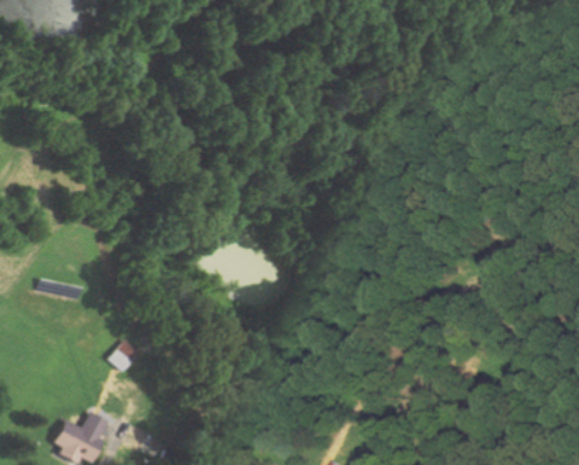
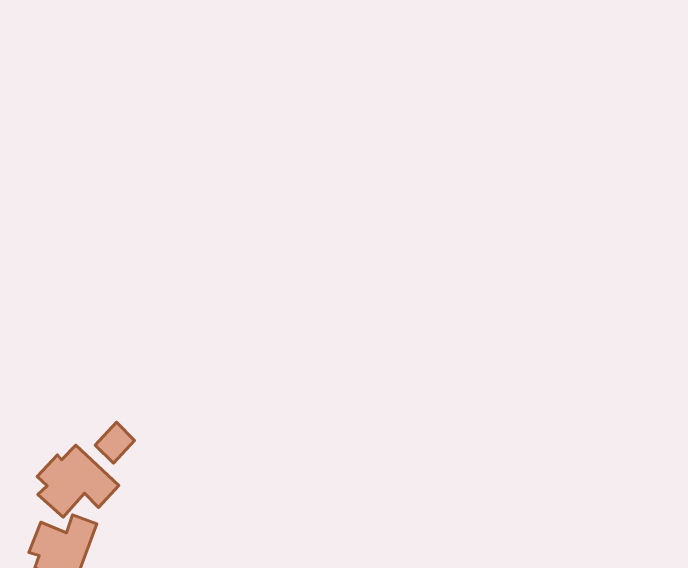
building: none -> [37,445,119,517]

